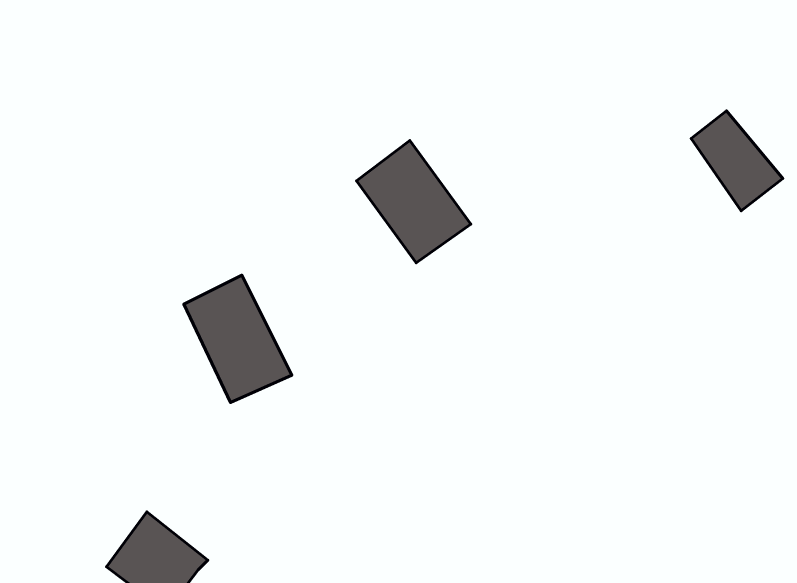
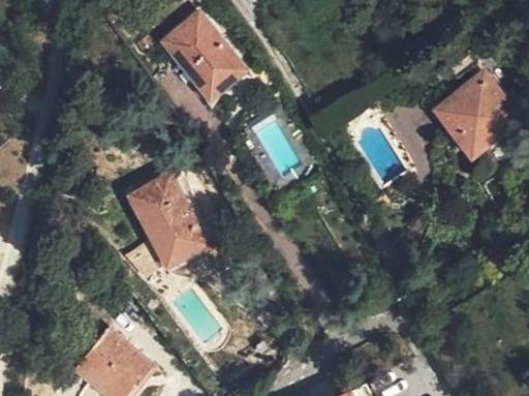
building: none -> [439,93,489,151]
building: [357,141,471,263] -> [165,16,239,94]

